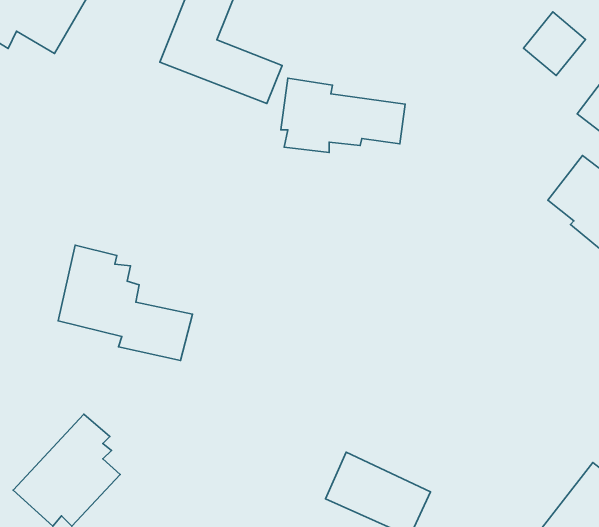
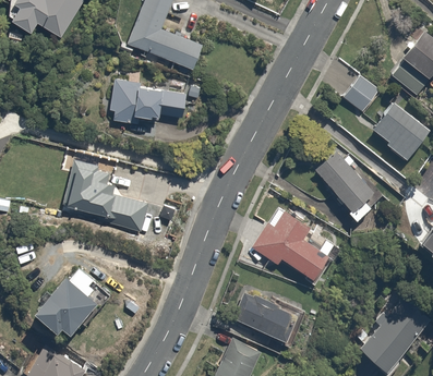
building: [523,12,585,76] -> [341,73,381,113]
building: [281,78,405,152] -> [109,76,188,123]
building: none -> [315,150,374,222]
building: none -> [251,207,337,280]

